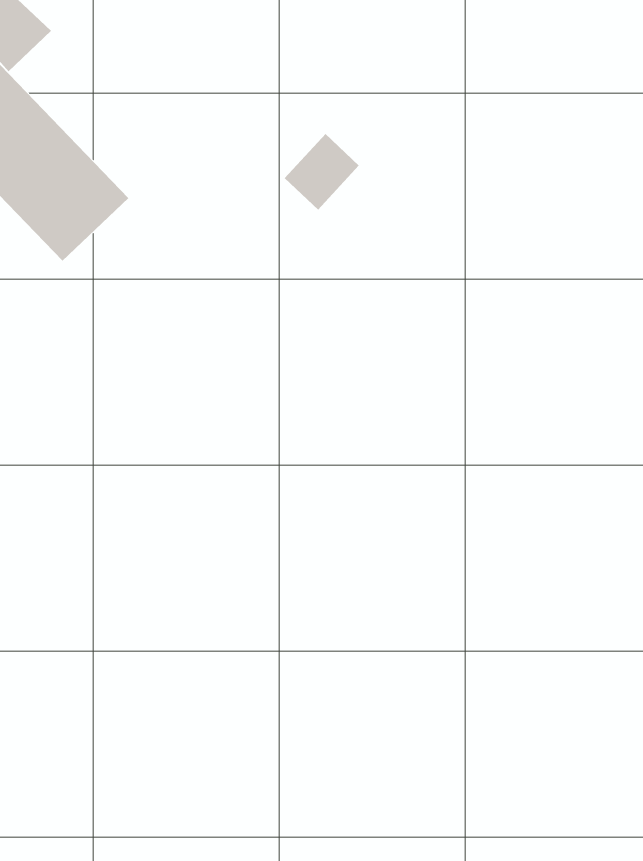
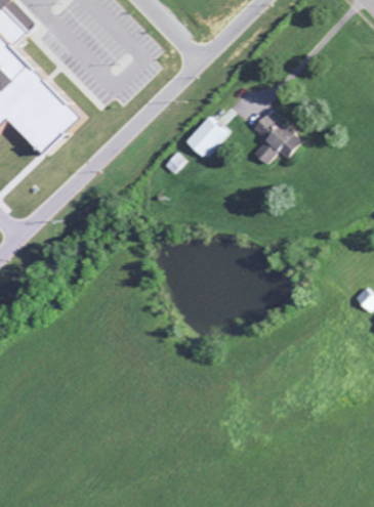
building: [284,133,360,210] -> [184,115,227,159]
building: none -> [252,110,302,165]

